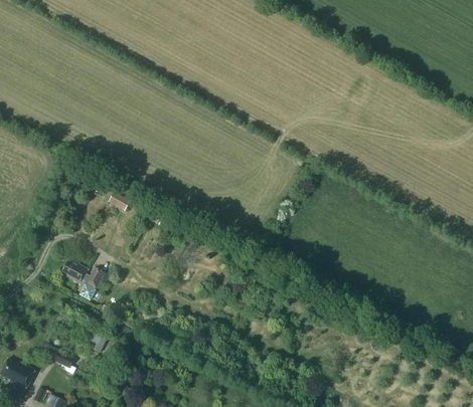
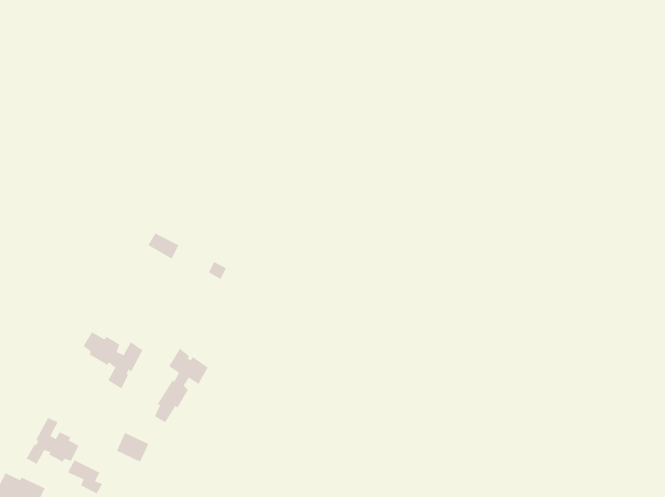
building: none -> [154,348,208,423]
building: none -> [26,417,79,465]

